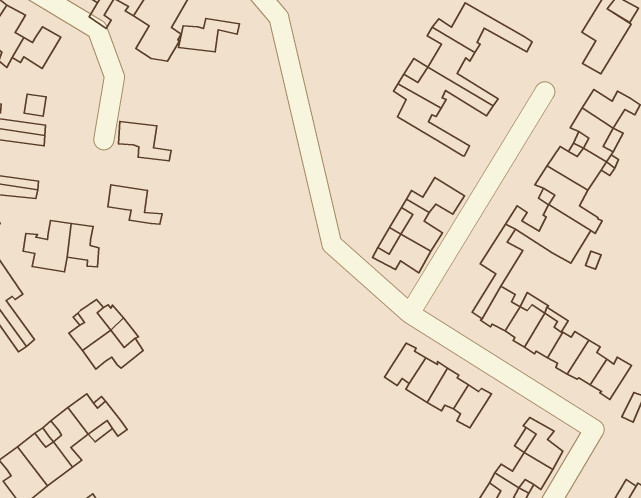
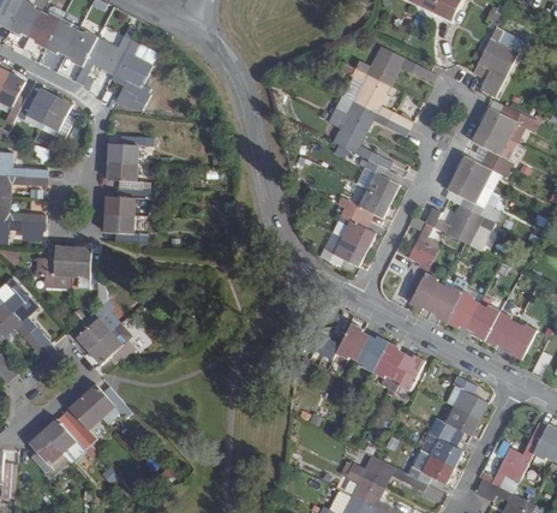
building: [178,18,239,52] -> [107,137,155,163]
building: none -> [41,97,71,139]
building: none -> [364,160,399,202]
building: none -> [103,190,149,216]

